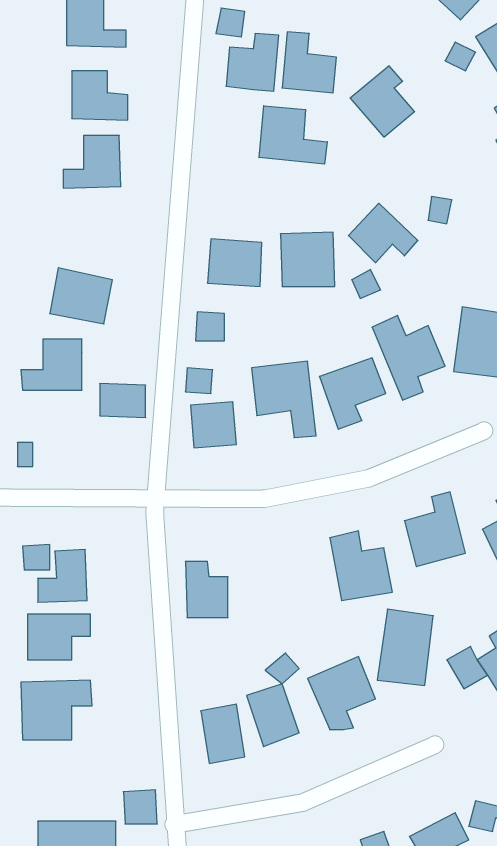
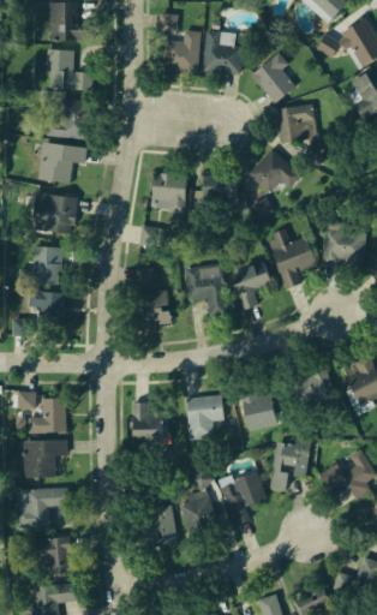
building: [259,106,327,164] -> none
building: none -> [276,106,315,142]
building: none -> [38,142,84,180]
building: [100,384,146,418] -> [30,291,62,315]
building: none -> [180,395,223,442]
building: [123,790,157,824] -> [38,542,62,566]

